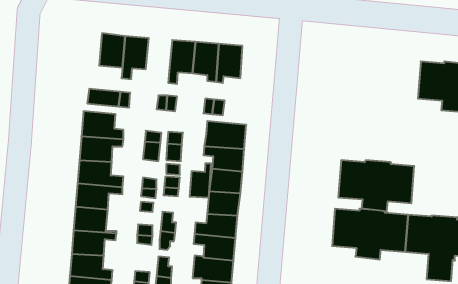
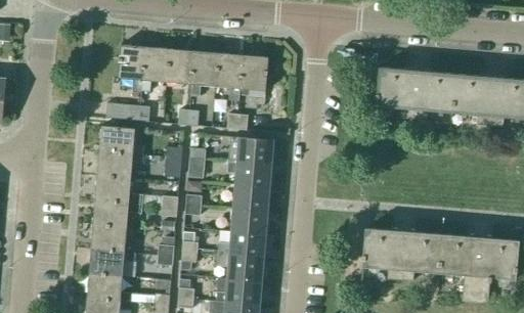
building: none -> [167,49,194,84]
building: [338,160,414,211] -> [376,68,455,121]
building: [190,163,211,198] -> none

